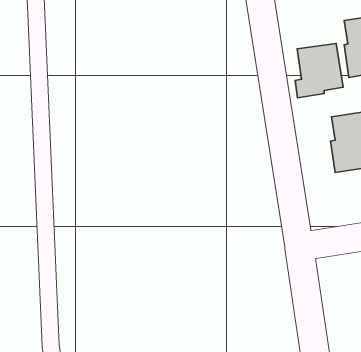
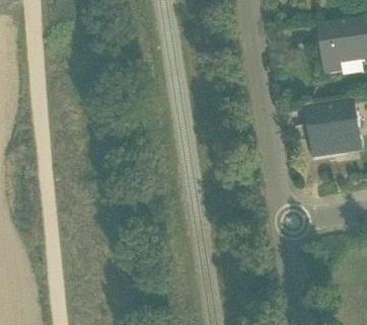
building: [295,43,343,98] -> none

